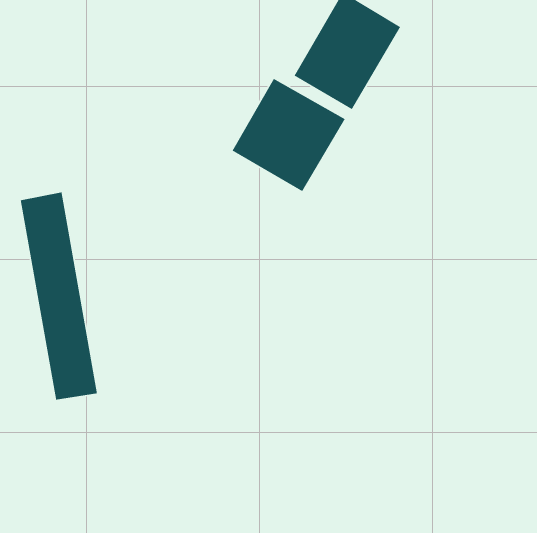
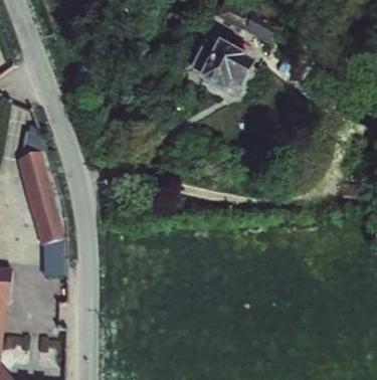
building: [231,78,346,192] -> none

